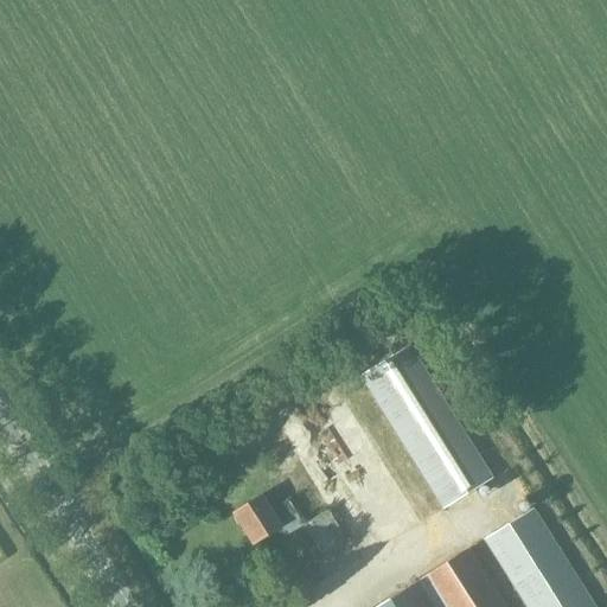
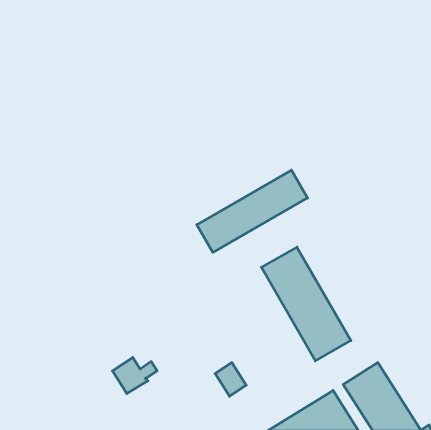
building: none -> [197,170,308,252]
building: [231,496,294,547] -> [112,357,157,394]

